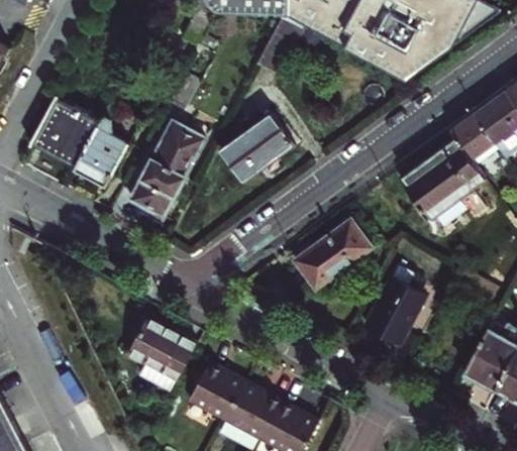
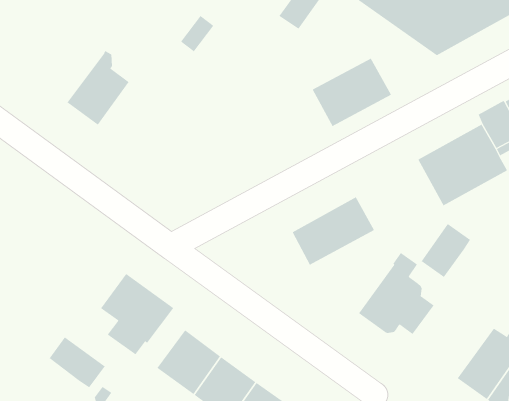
building: [29,96,101,167] -> none
building: [219,113,293,181] -> [312,58,392,127]
building: [129,120,205,217] -> none
building: none -> [421,223,471,278]
building: none -> [49,337,105,388]

